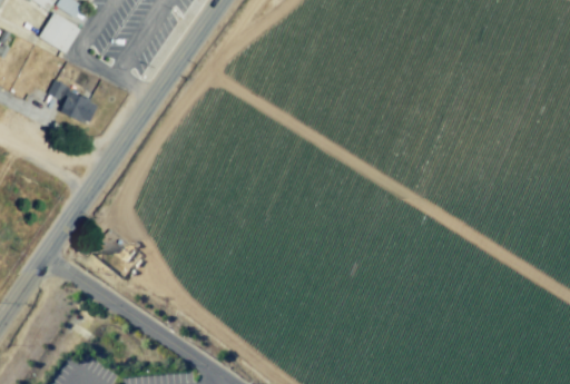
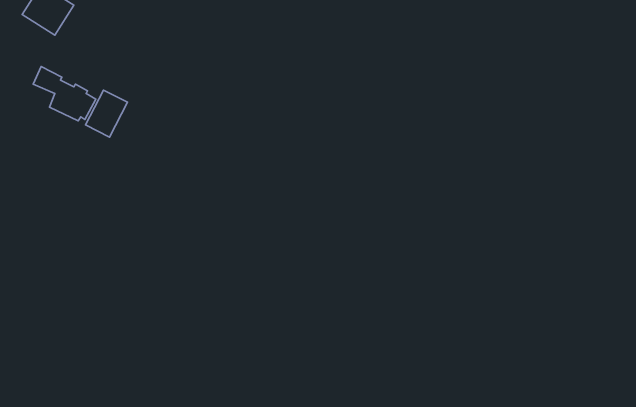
building: none -> [86,90,127,137]

